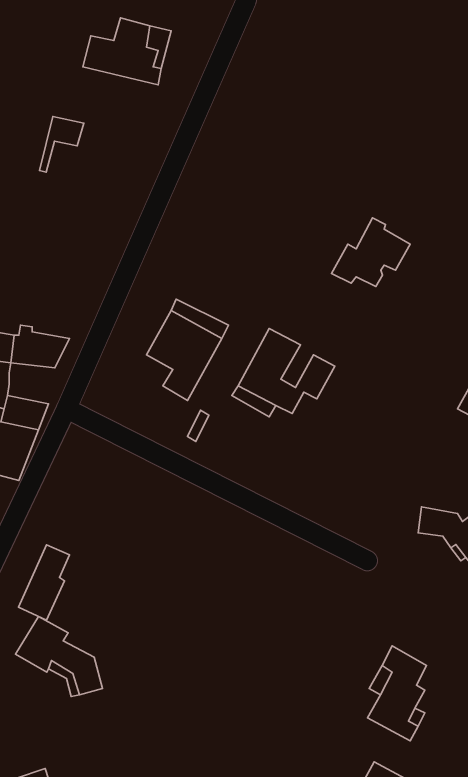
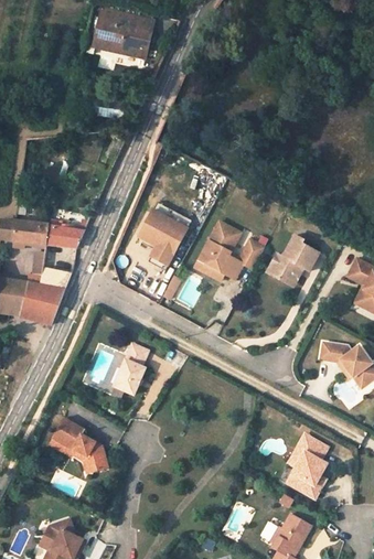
building: [40,116,84,172] -> [89,8,119,45]
building: [332,218,410,287] -> [266,235,319,281]
building: [19,545,69,620] -> [115,342,149,393]

